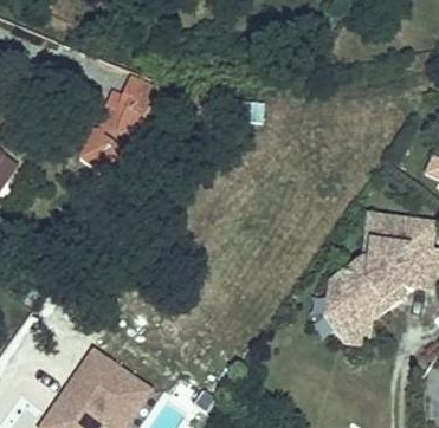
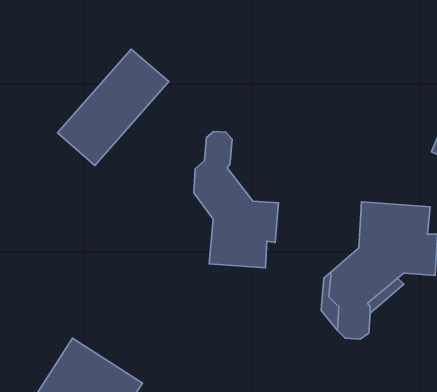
building: none -> [194,131,278,268]

